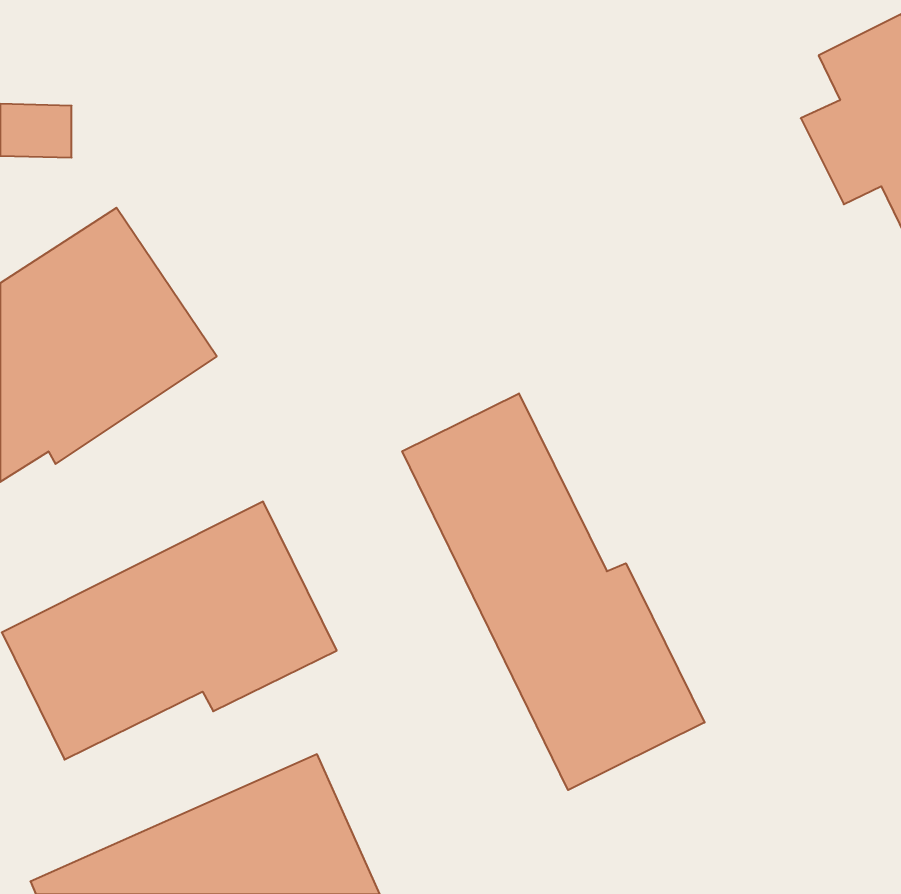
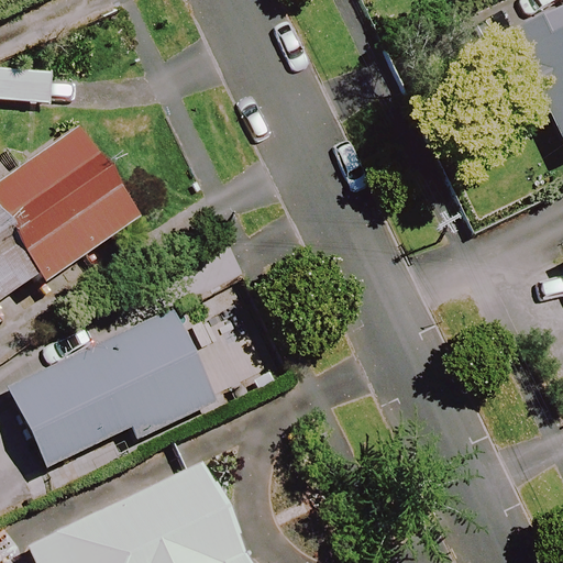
building: [402,393,705,790] -> none

